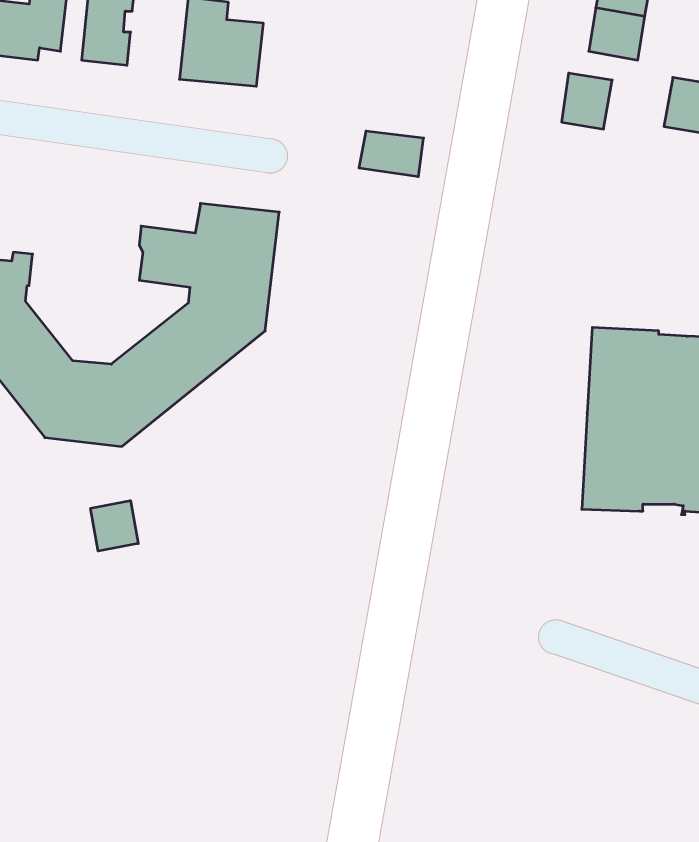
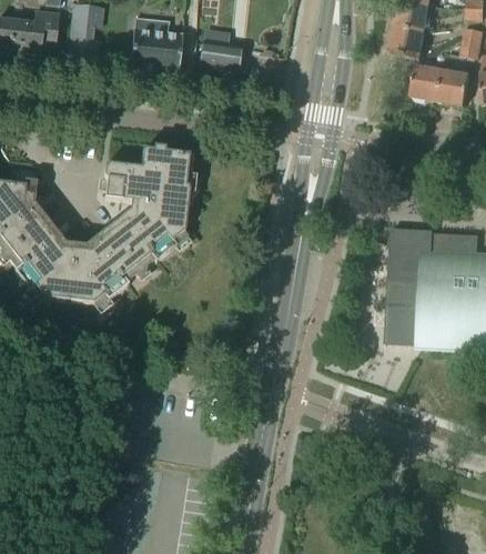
building: [562,73,612,129] -> [411,63,443,99]
building: [359,131,424,177] -> [200,41,241,70]
building: [91,501,138,551] -> none

